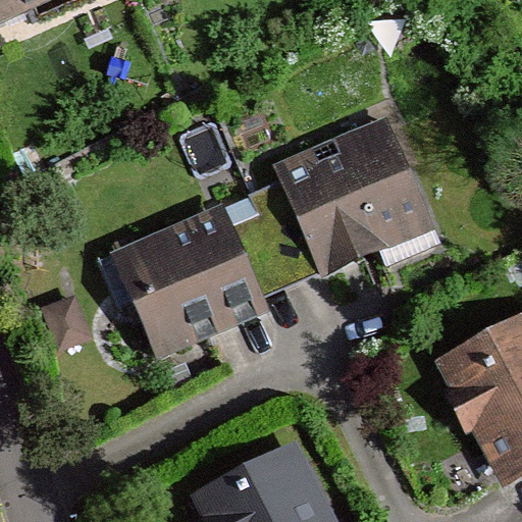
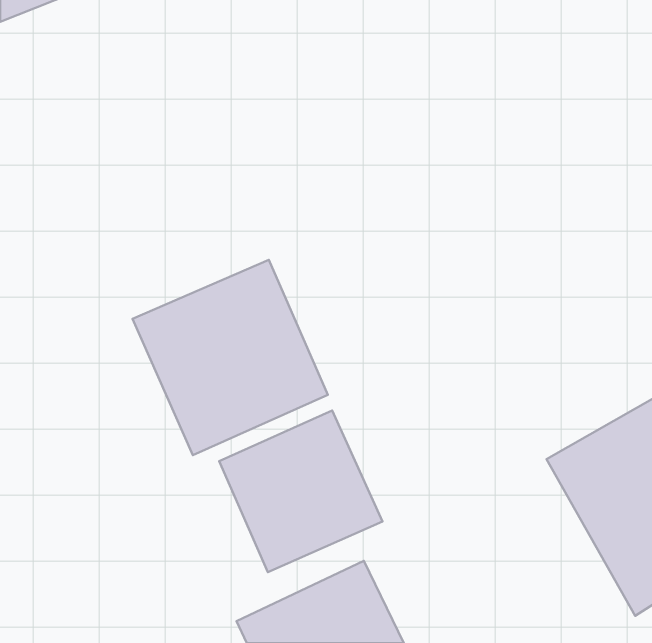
building: [269,114,434,277] -> none
building: none -> [219,411,382,572]

